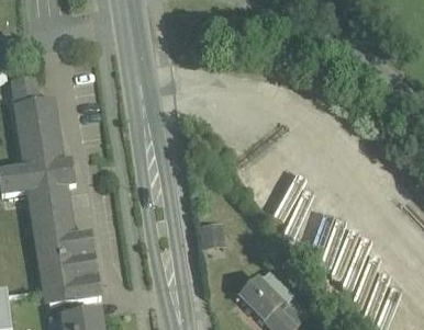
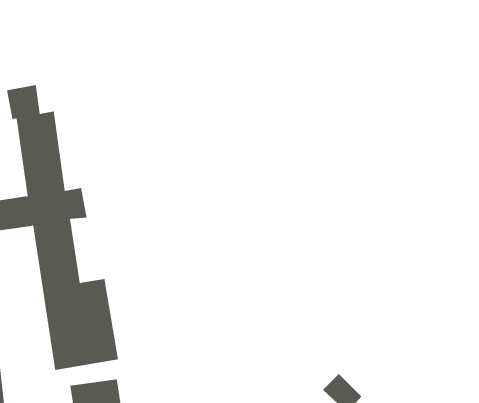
building: [238,274,281,317] -> none

